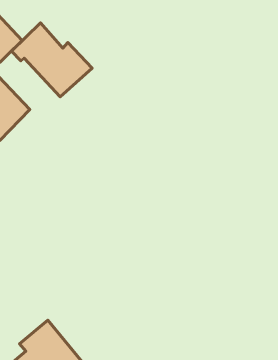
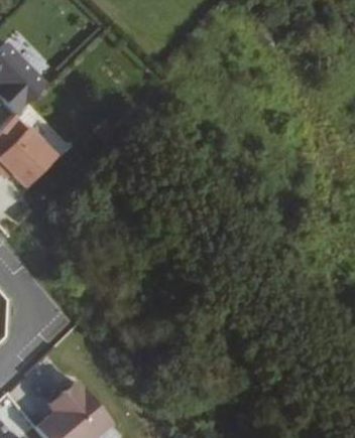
building: [11,23,92,97] -> none

